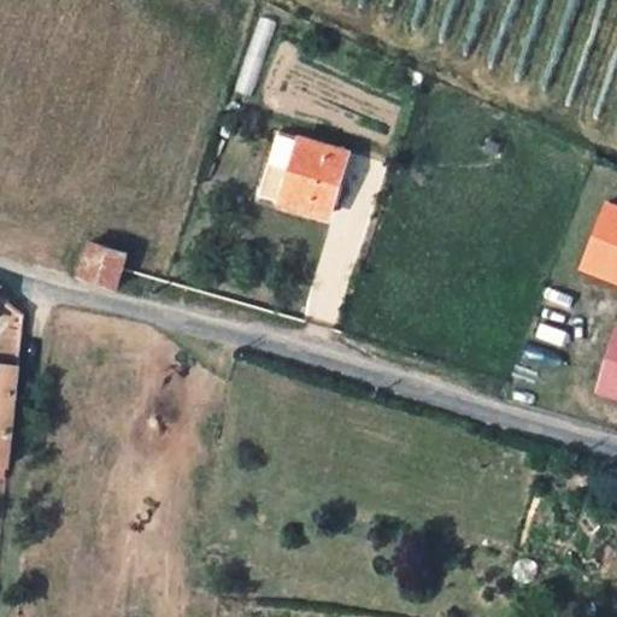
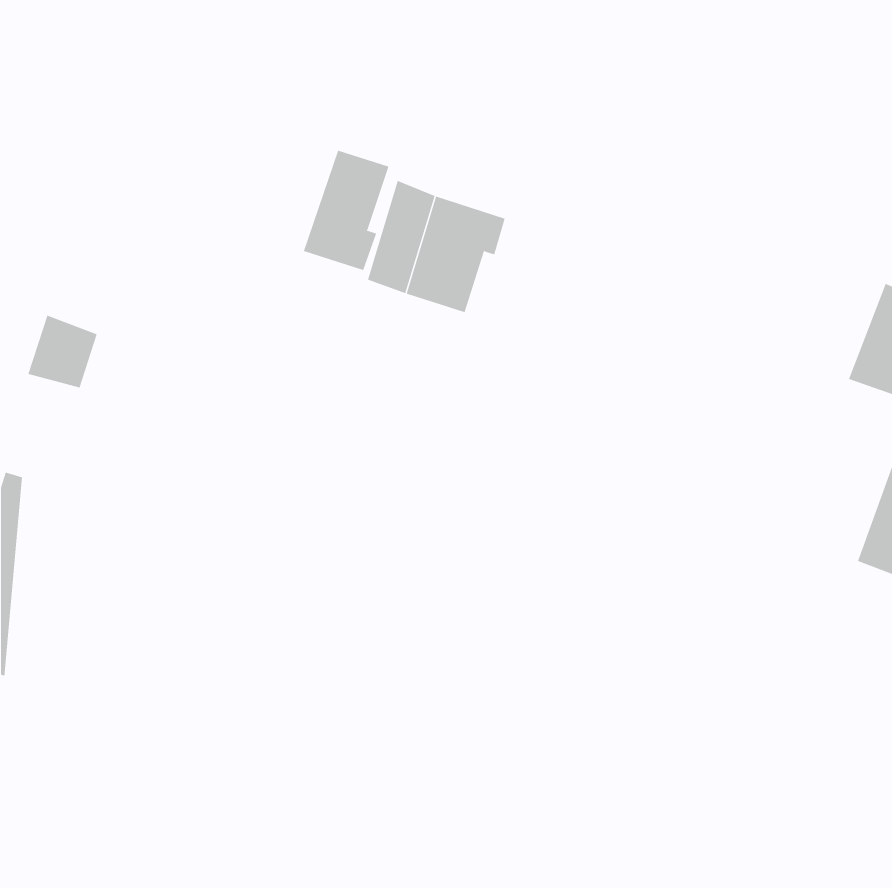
building: none -> [303,150,389,271]
building: [80,240,128,290] -> [28,315,98,388]

